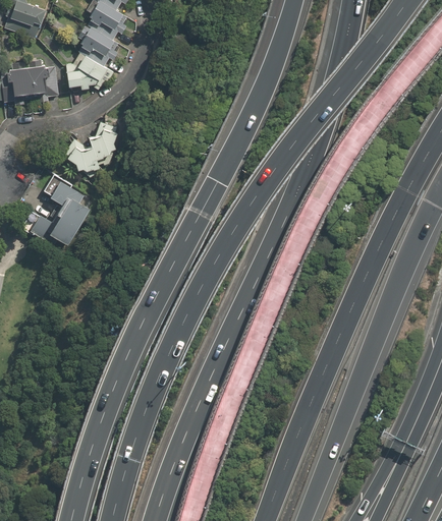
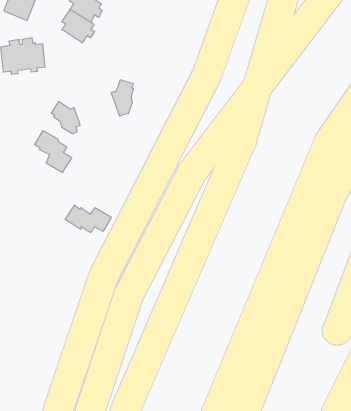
building: [67,51,113,86] -> none
building: [90,121,117,166] -> [111,80,133,116]
building: [21,211,78,244] -> [65,205,111,232]

